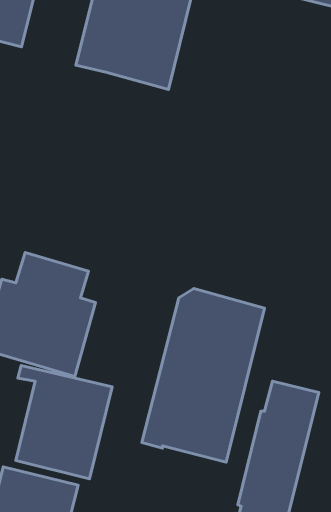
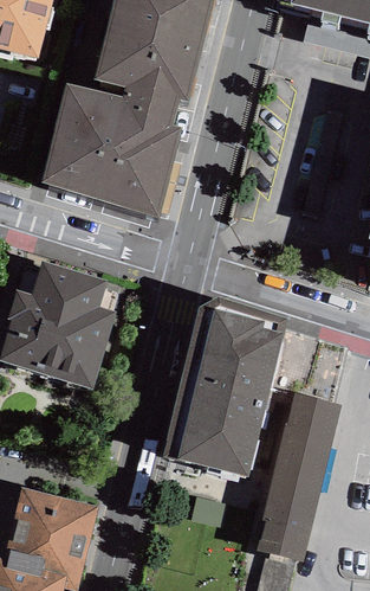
building: none -> [41,78,181,210]
building: [16,366,112,479] -> none

